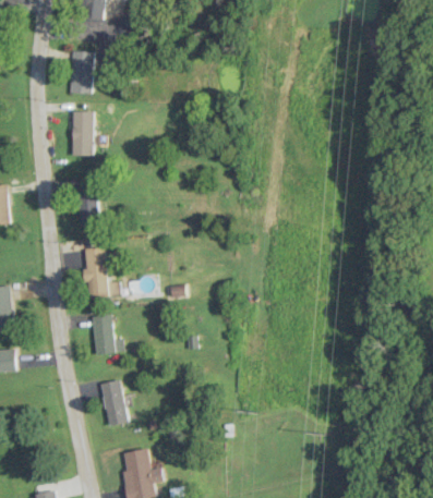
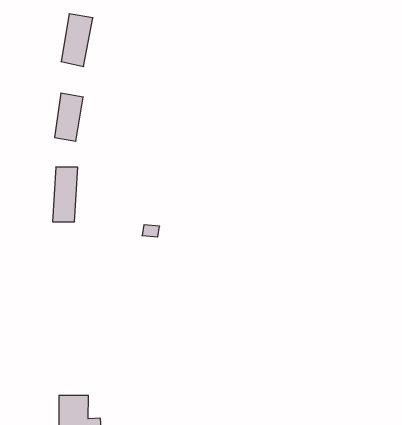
building: [91,314,123,354] -> none
building: [98,379,128,426] -> none

